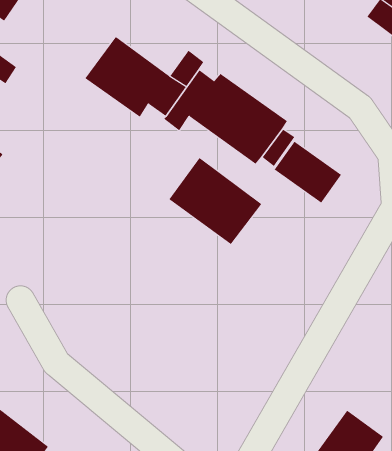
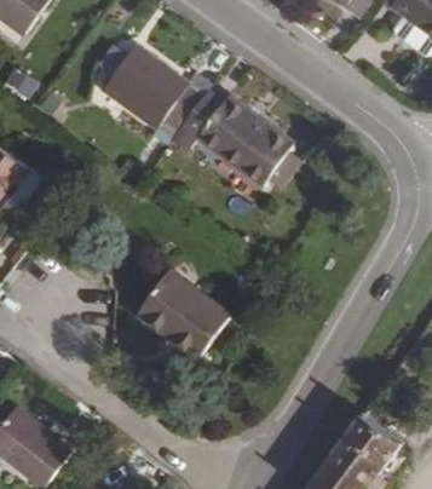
building: [274,141,342,204] -> none
building: [169,157,262,245] -> [143,278,235,364]

